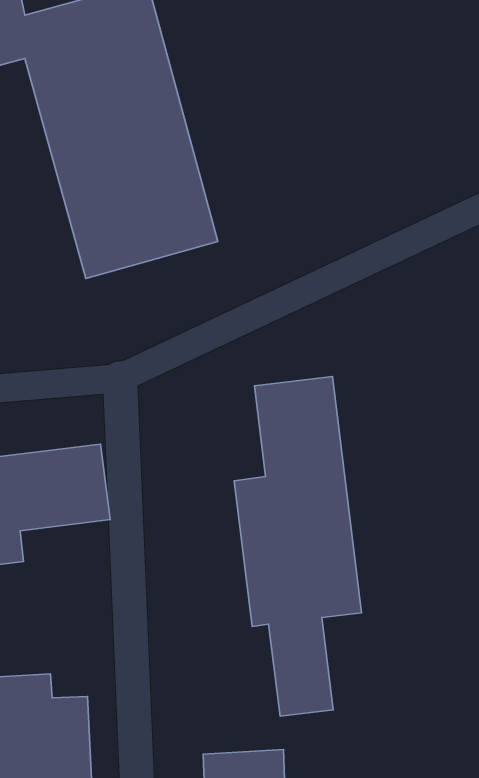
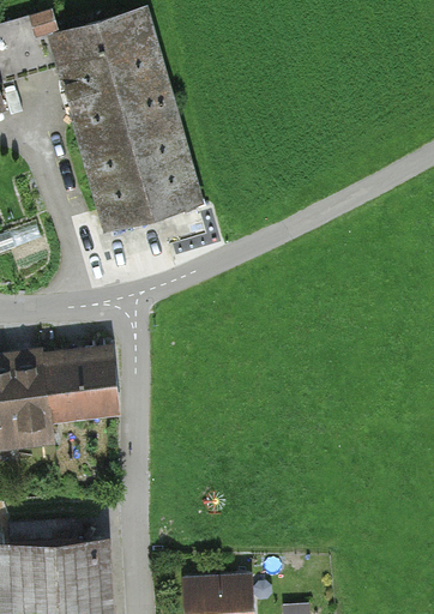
building: [234,377,361,716] -> none

